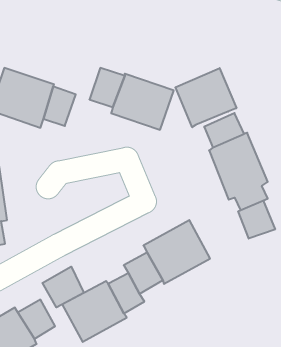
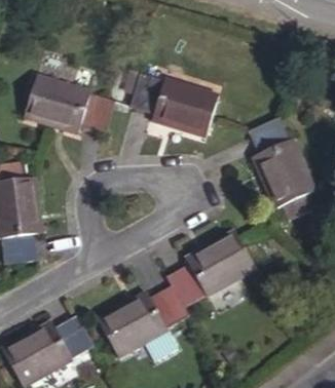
building: [175,68,236,127] -> none
building: [238,201,275,239] -> none
building: [42,267,84,307] -> none

